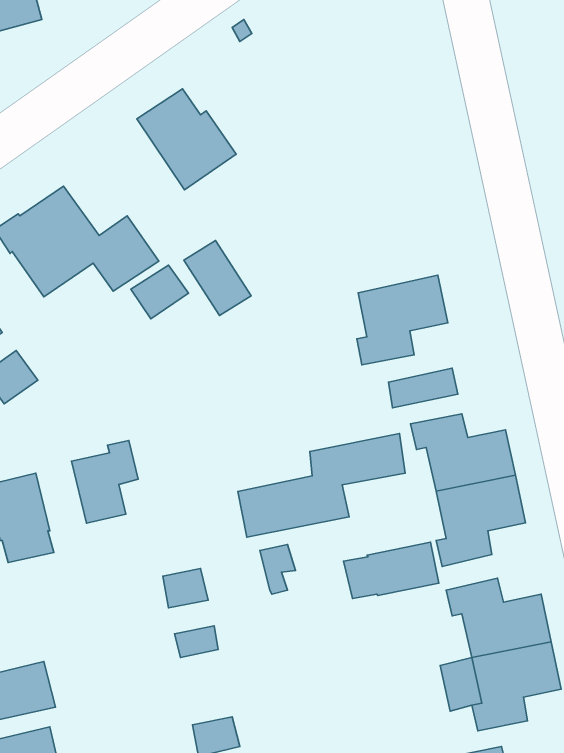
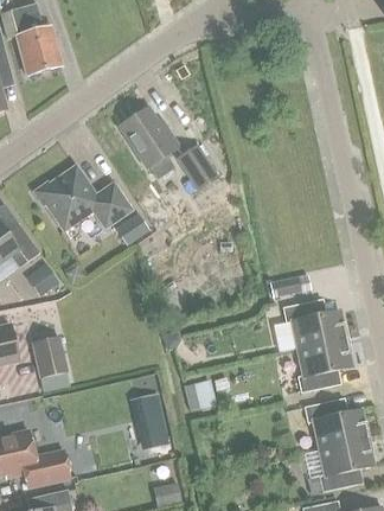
building: [184,240,251,316] -> [175,145,216,190]
building: [357,275,448,365] -> none
building: [238,434,405,537] -> none
building: [72,440,138,523] -> none
building: [344,542,439,599] -> none

